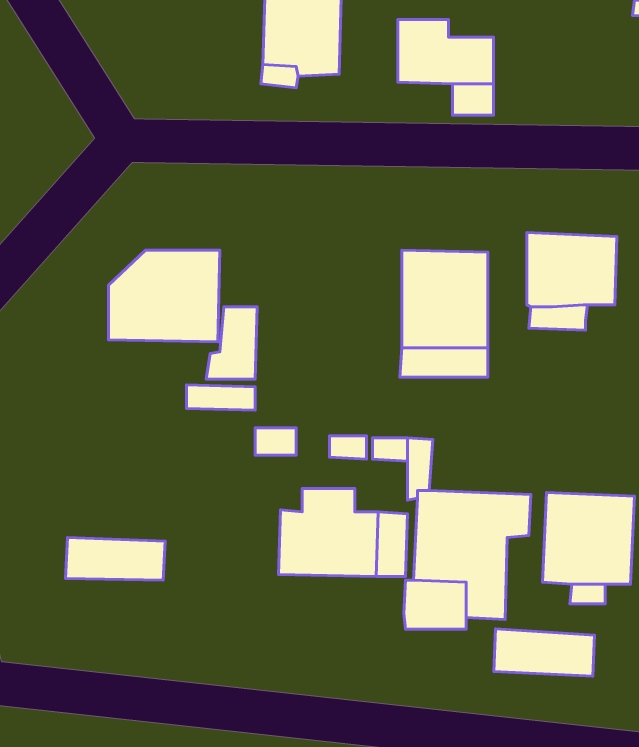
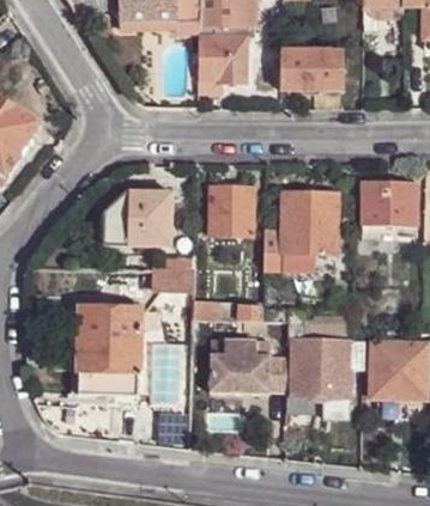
building: none -> [211,187,254,234]
building: none -> [79,305,140,370]
building: [494,629,594,676] -> none

